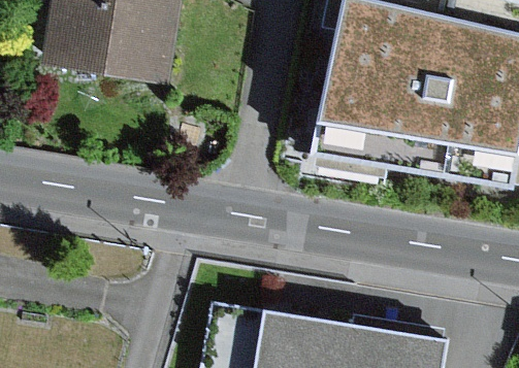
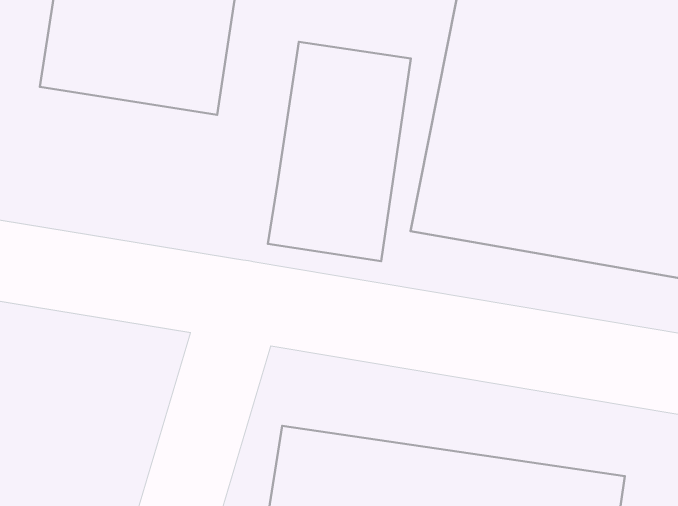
building: none -> [268,42,411,261]

